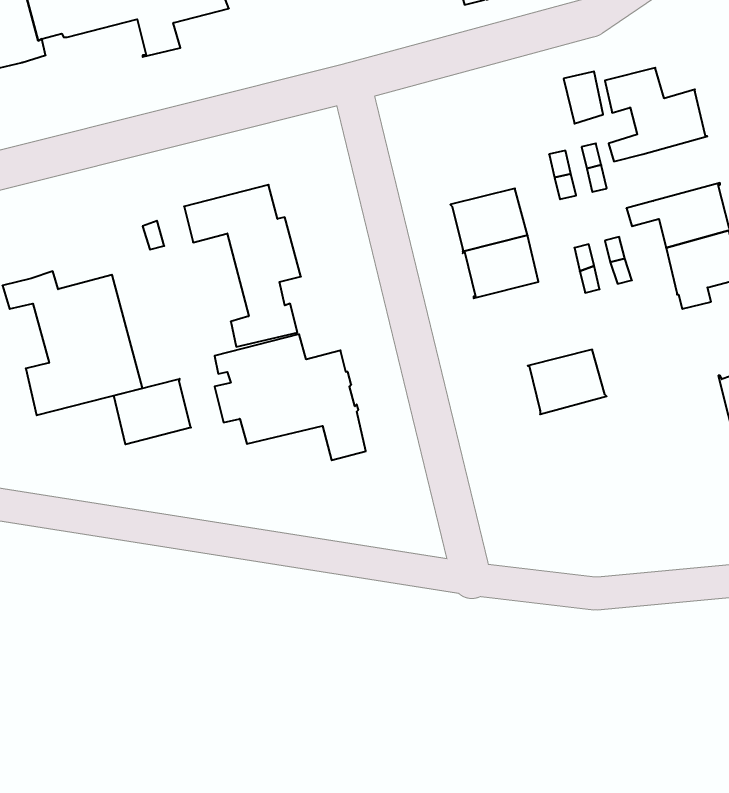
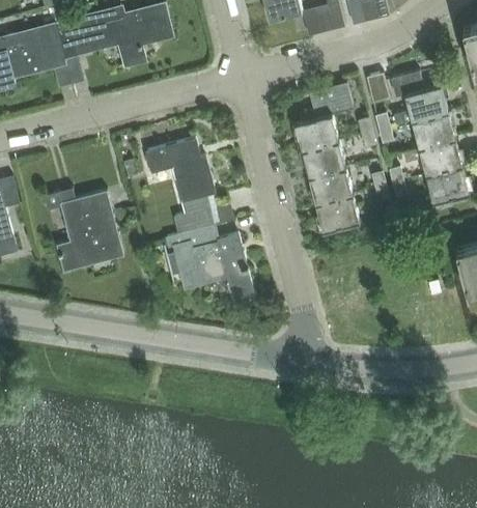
building: none -> [294,82,354,149]
building: none -> [412,110,456,147]
building: [528,350,607,414] -> [314,194,360,231]
building: [114,379,191,444] -> none

